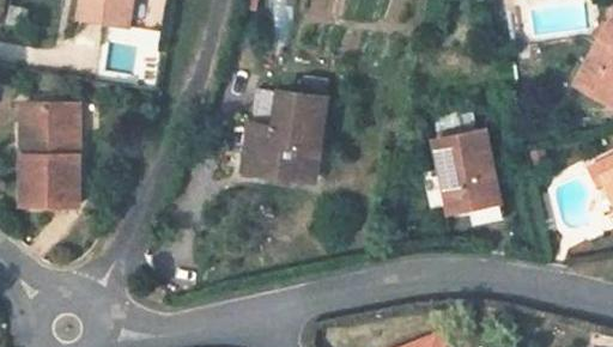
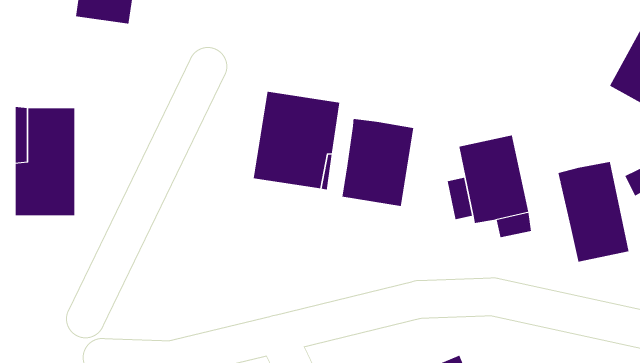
building: none -> [342,118,414,207]
building: none -> [558,161,629,263]

